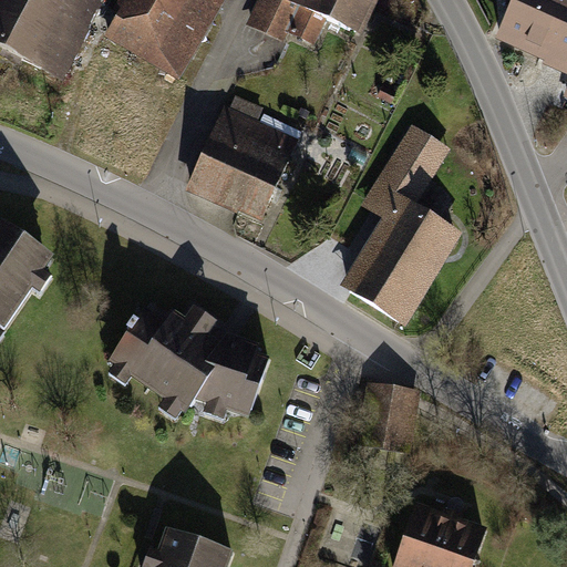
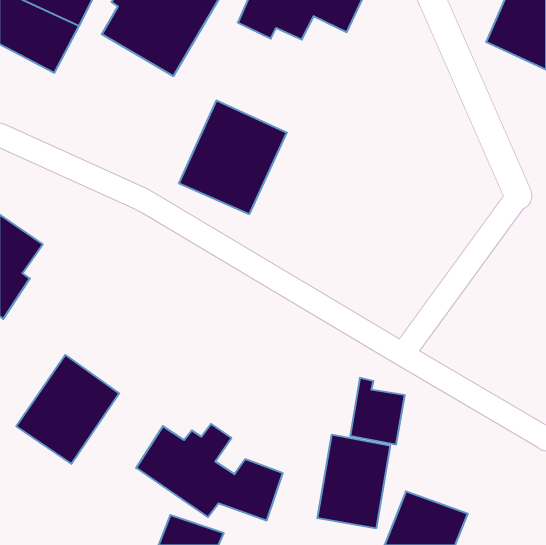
building: [349,126,454,320] -> none
building: [116,309,268,409] -> [136,424,283,520]
building: none -> [16,355,119,464]
building: none -> [317,435,390,528]

